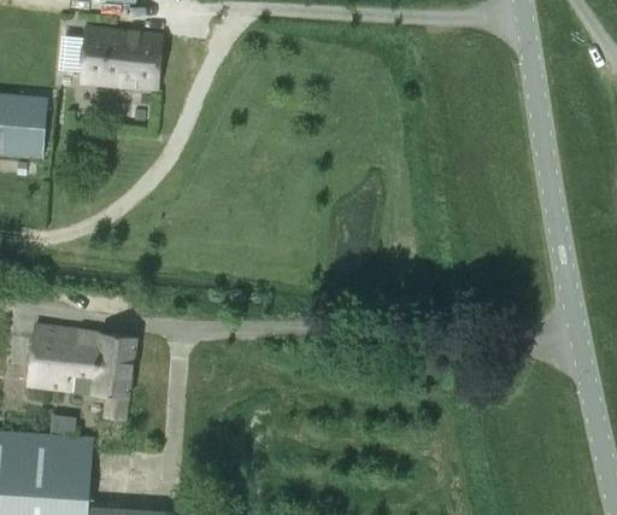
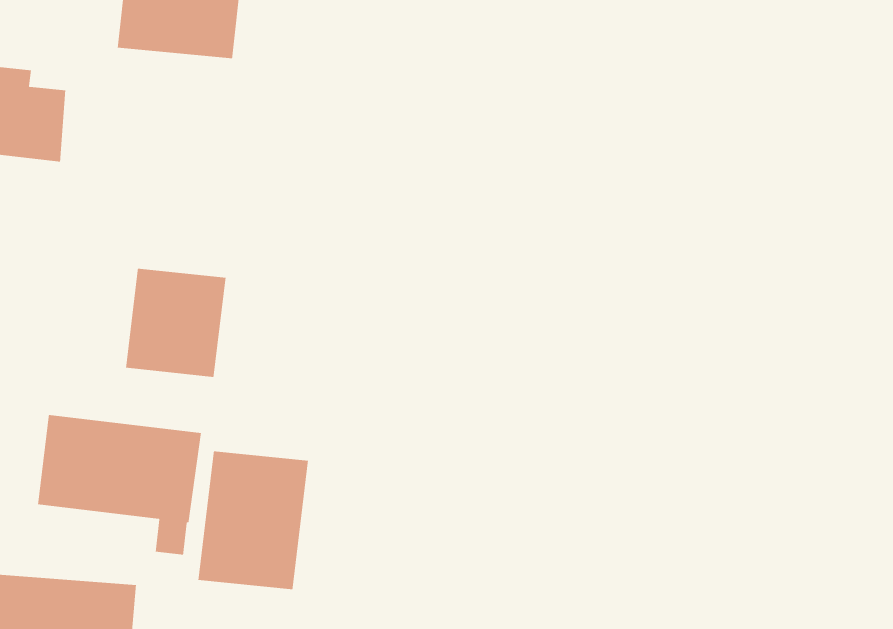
building: none -> [125,268,226,378]
building: none -> [198,450,309,590]

